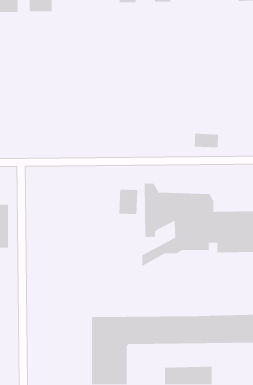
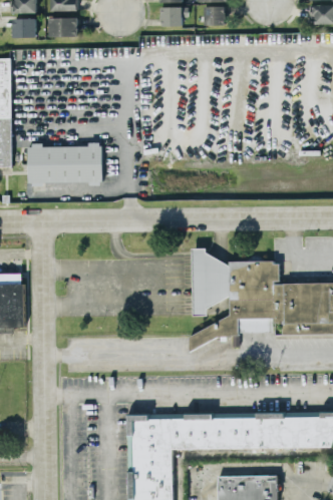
building: none -> [27,144,102,187]
building: [194,133,219,148] -> none
building: [119,189,138,215] -> none

